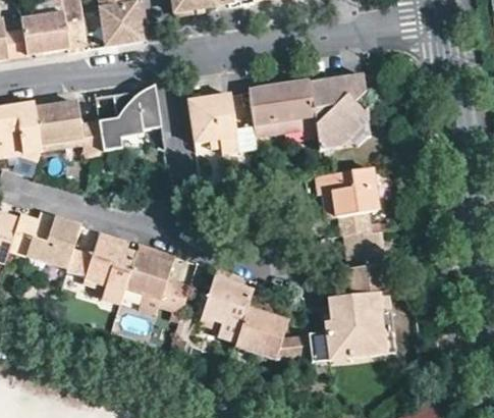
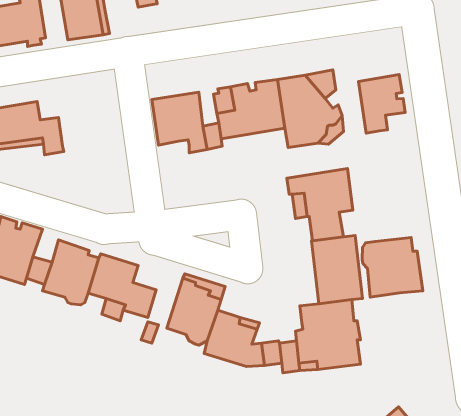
building: none -> [358,75,405,133]
building: [98,85,160,146] -> none
building: none -> [362,238,423,297]

